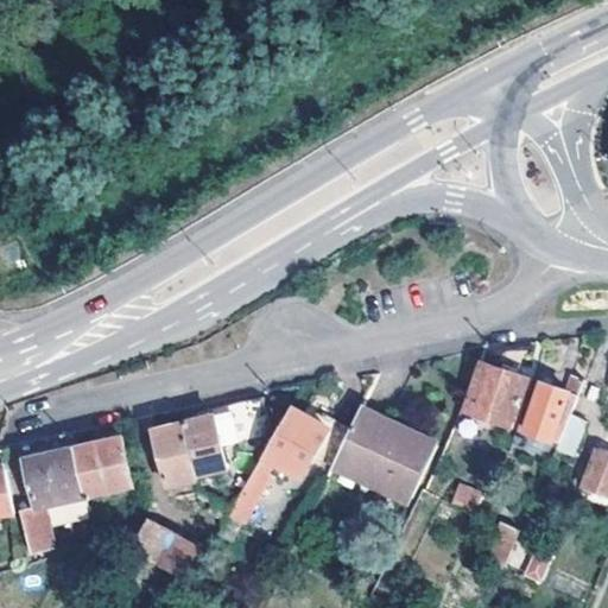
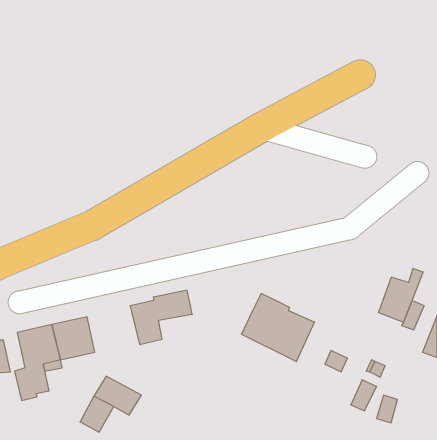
building: [461,361,525,426] -> none
building: [224,410,348,524] -> none
building: [152,422,194,486] -> none

